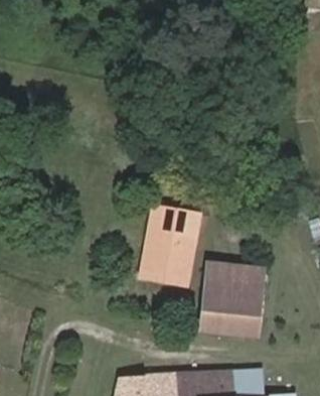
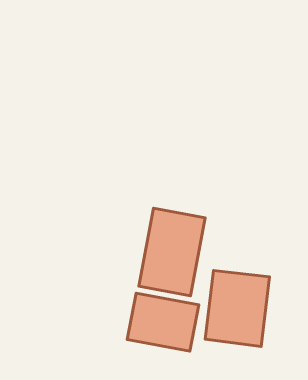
building: none -> [127,293,199,351]

